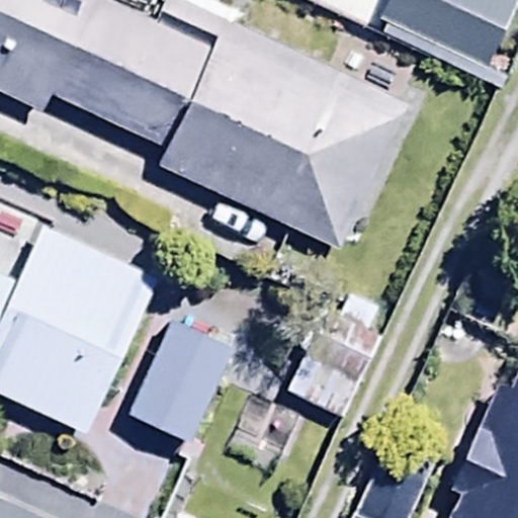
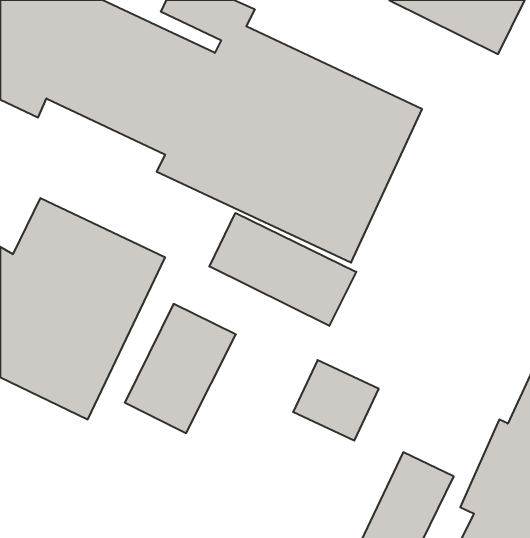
building: none -> [209,213,356,326]

